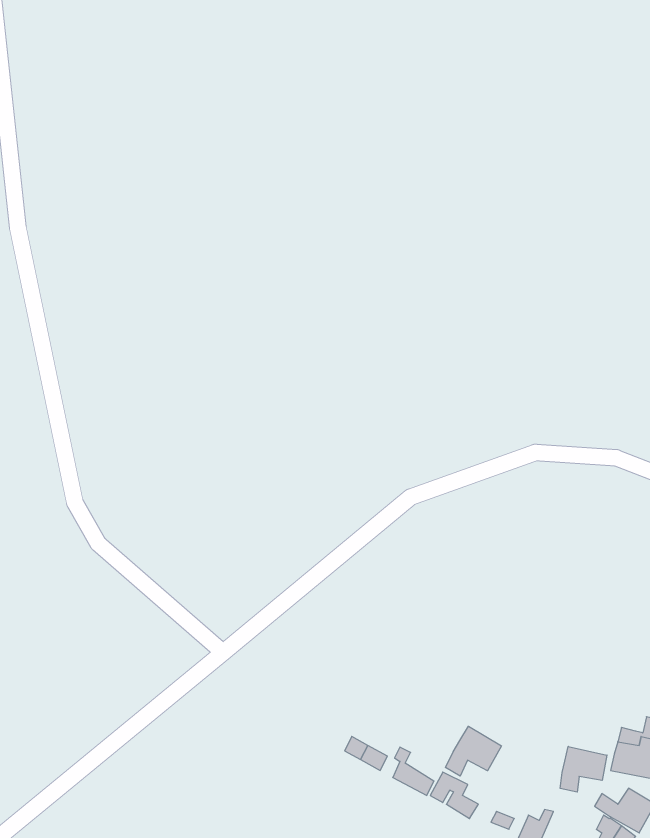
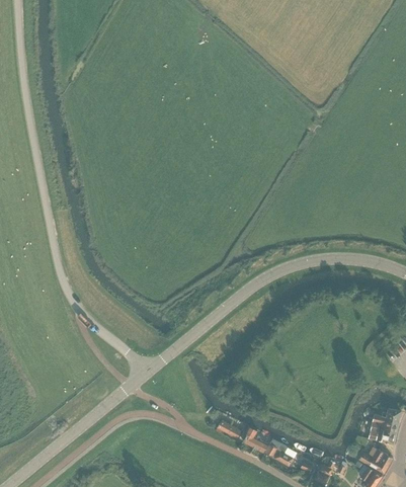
building: [446,726,501,776] -> none
building: [560,746,607,792] -> none

